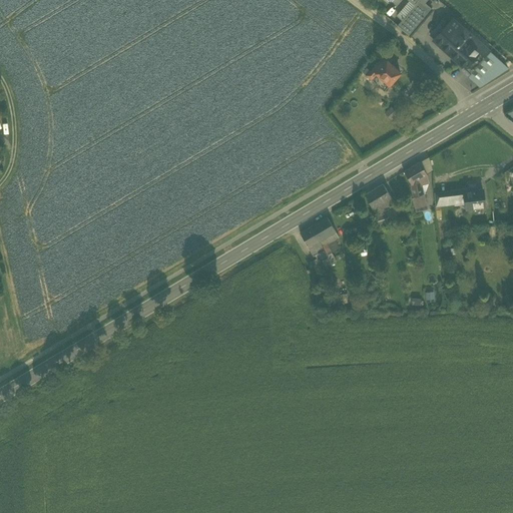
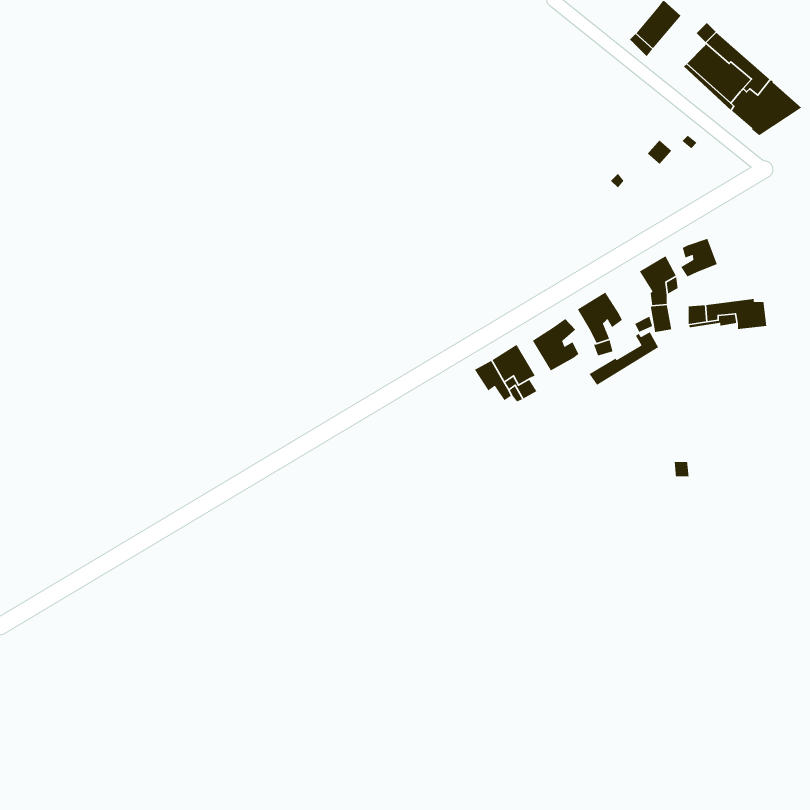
building: [367,57,400,85] -> none
building: none -> [680,238,718,277]
building: none -> [532,318,580,372]
building: none -> [588,331,659,386]

